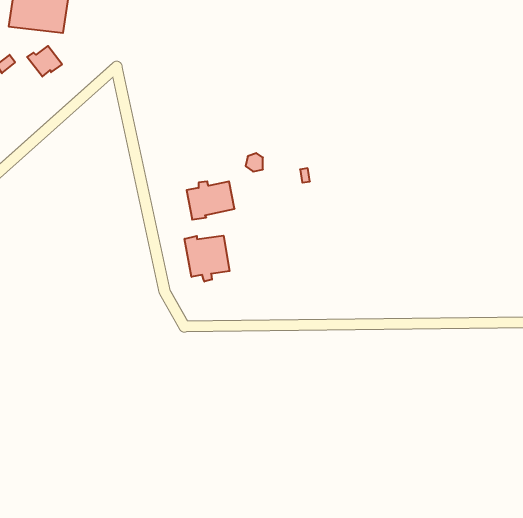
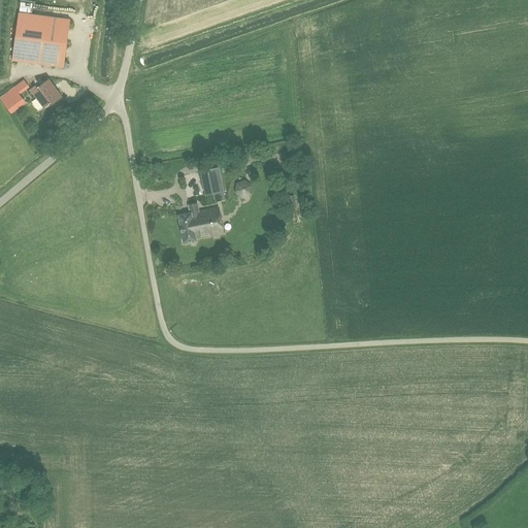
building: none -> [200,166,224,195]
building: [185,236,230,282] -> none

